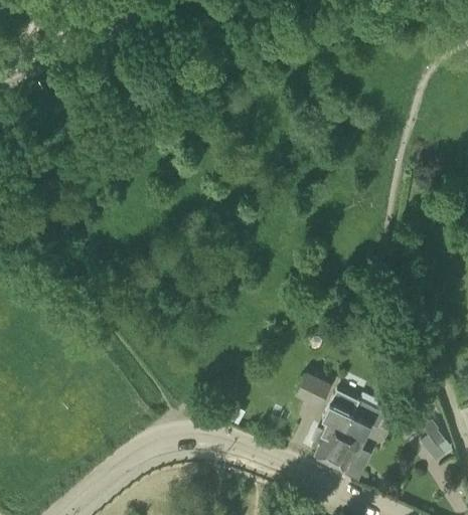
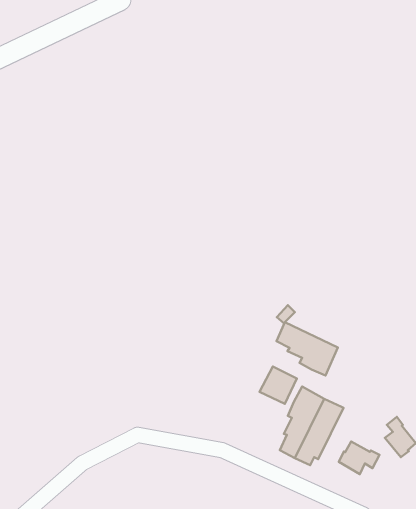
building: none -> [276,322,338,375]
building: none -> [339,441,380,474]

